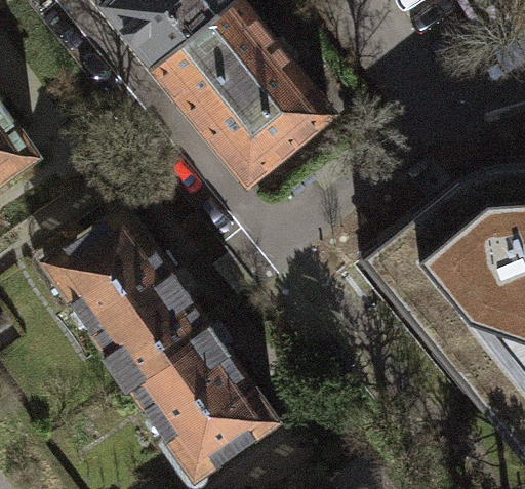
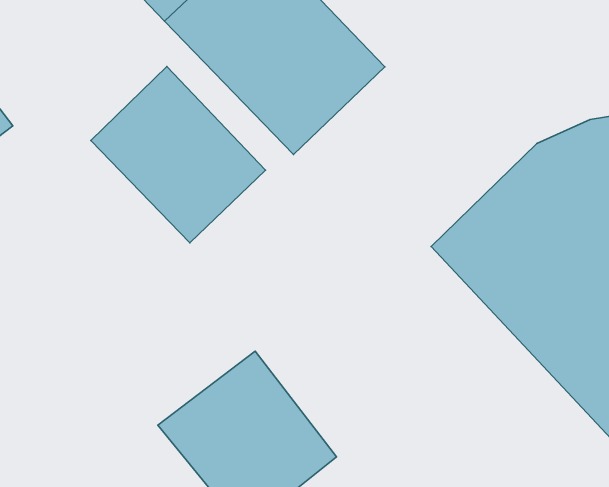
building: none -> [91,67,266,243]
building: [55,211,218,392] -> none

